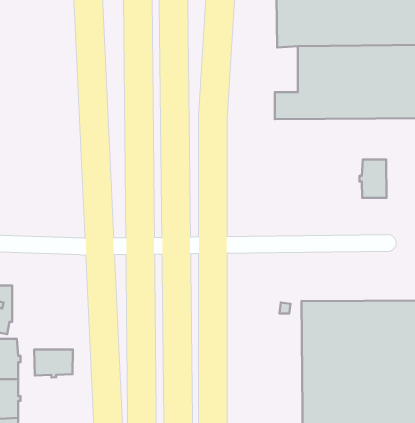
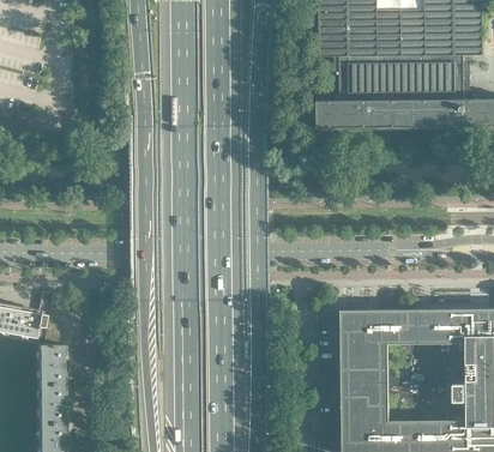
building: [360,159,386,198] -> none
building: [34,350,73,377] -> none

